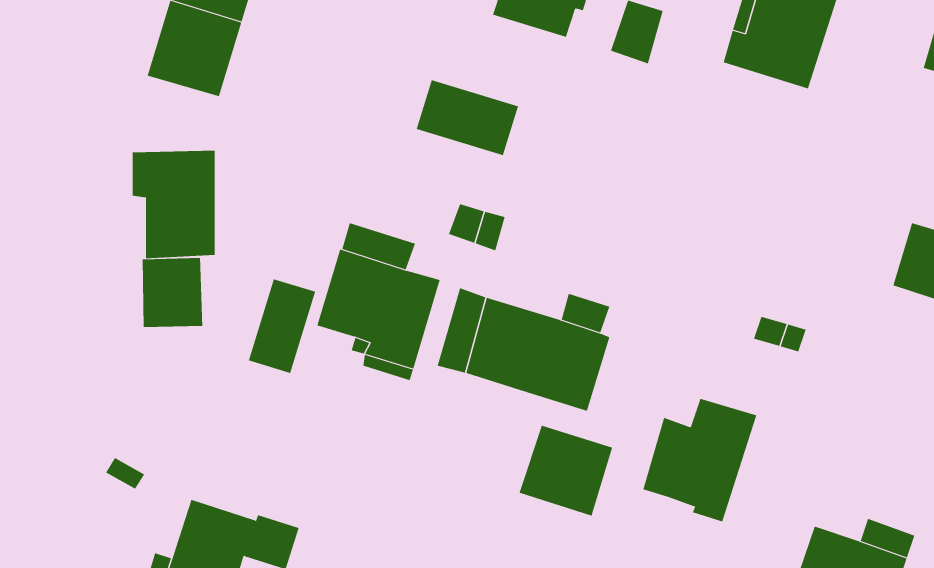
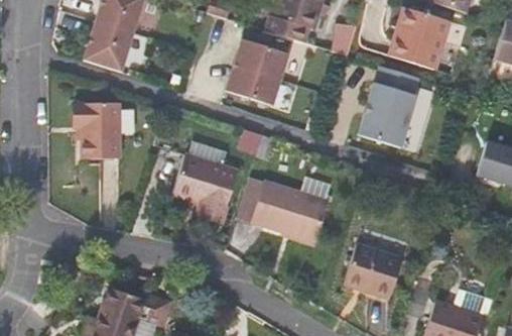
building: none -> [234,38,288,80]
building: none -> [361,67,420,148]
building: [142,257,203,328] -> none
building: [248,278,316,374] -> none
building: [519,425,613,516] -> none

